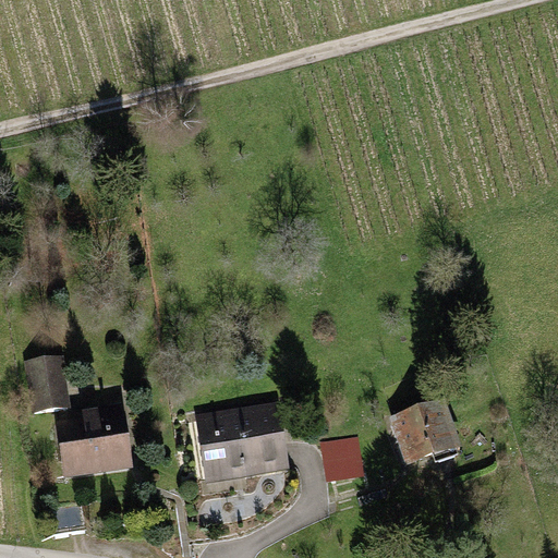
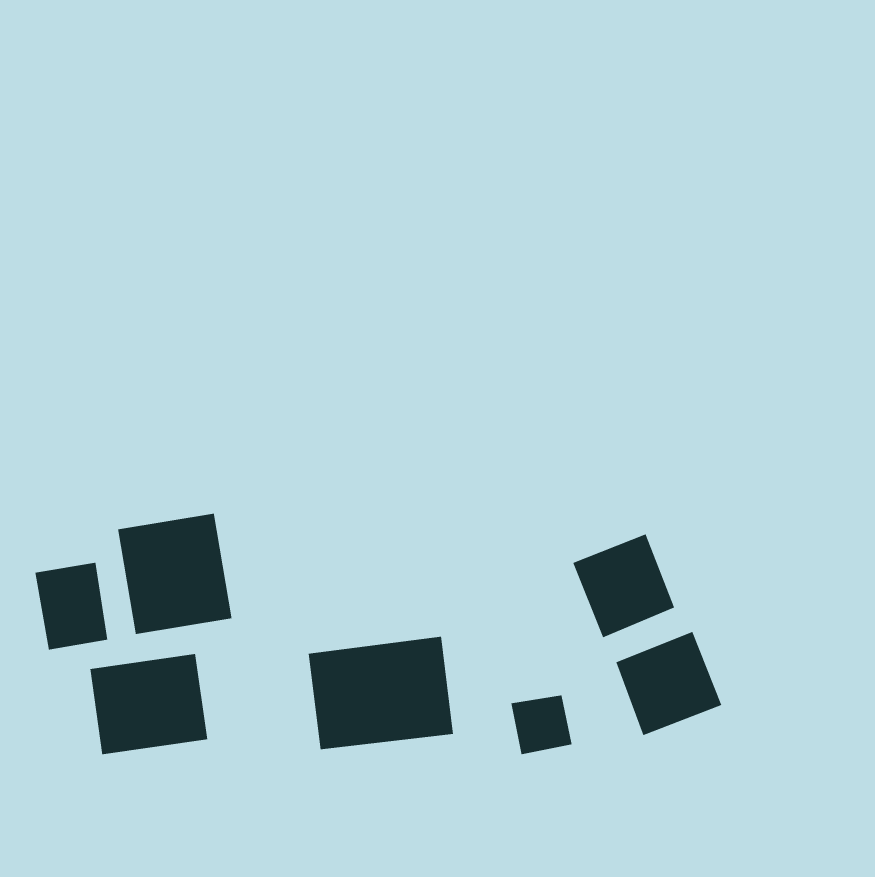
building: none -> [117,513,232,635]
building: none -> [573,534,675,638]

